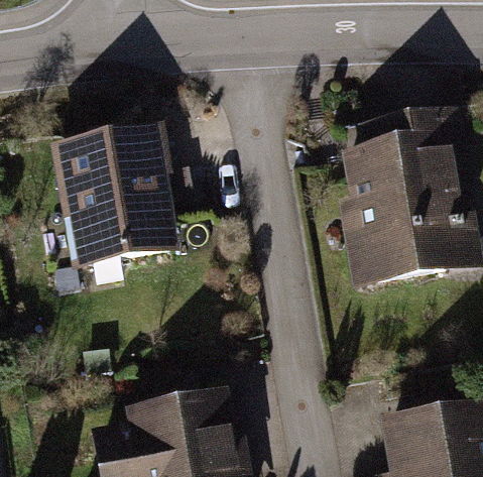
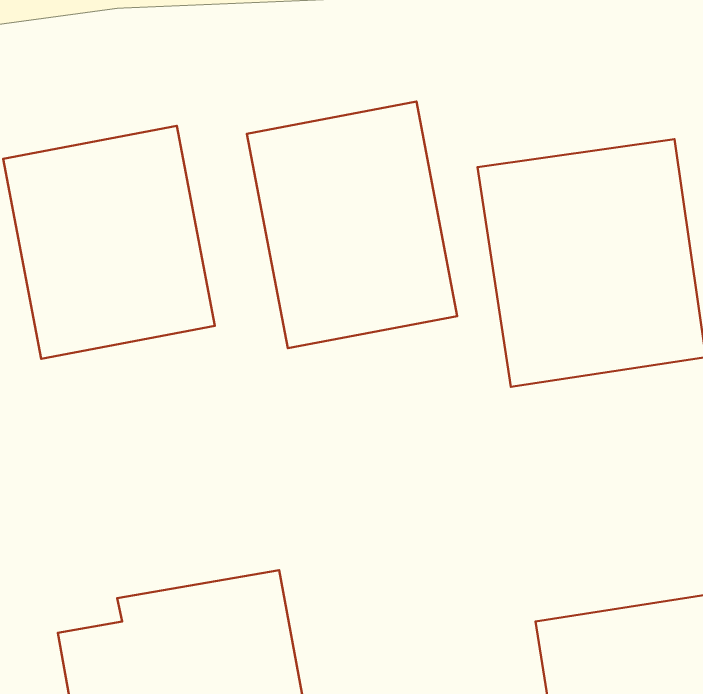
building: none -> [247,102,457,348]

